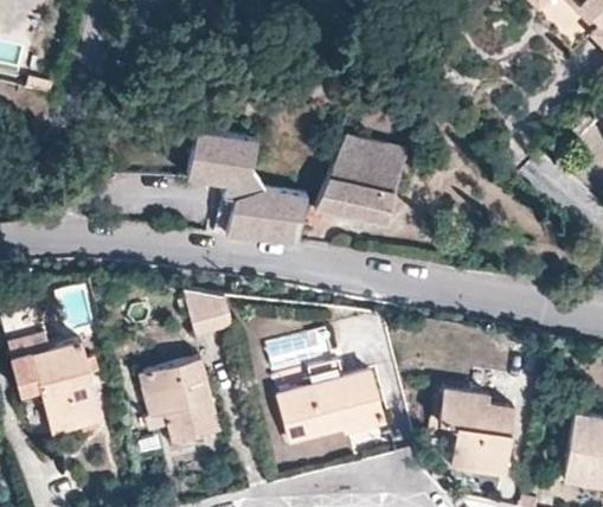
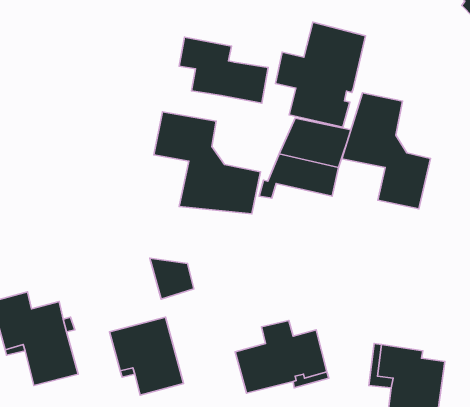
building: none -> [276,22,365,127]
building: none -> [179,37,268,103]
building: none -> [342,93,430,209]

